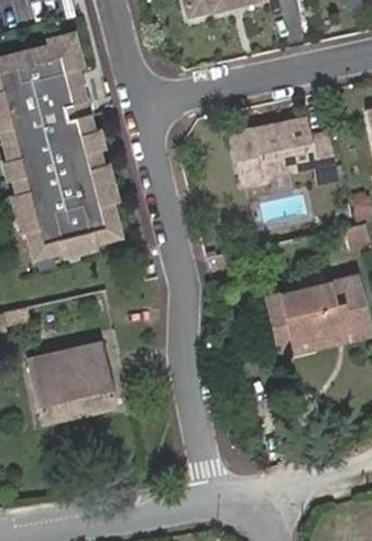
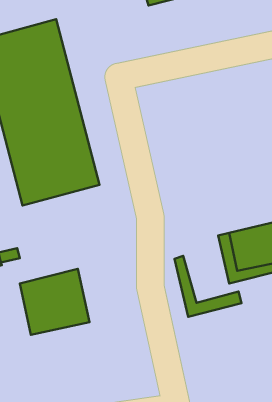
building: [228,118,330,185] -> none
building: none -> [174,256,241,317]

